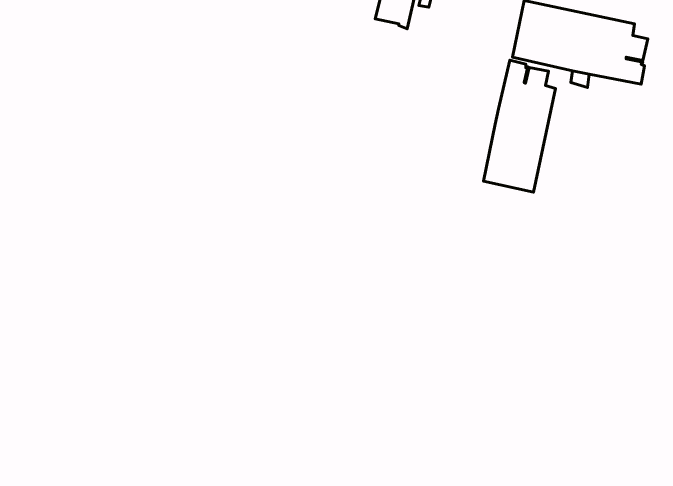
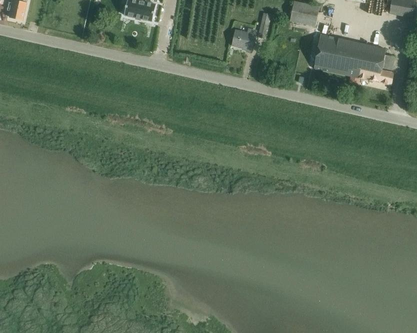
building: [484,60,556,192] -> none

